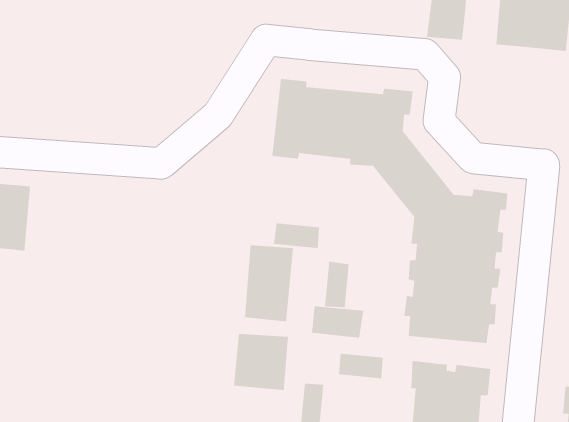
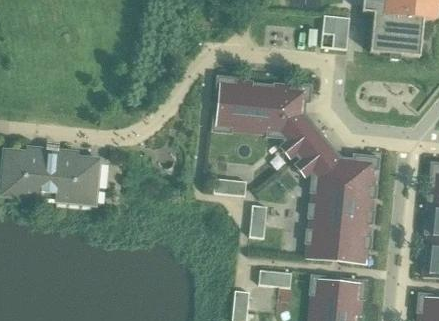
building: none -> [37,147,99,202]
building: [245,244,294,322] -> none
building: [311,306,364,339] -> none
building: [233,333,288,391] -> none

